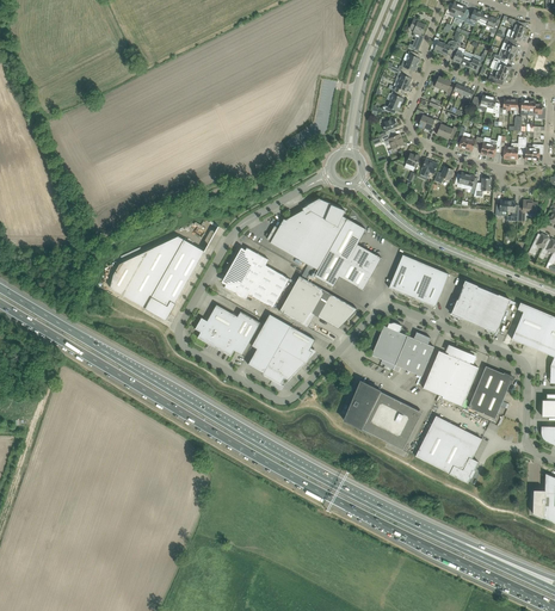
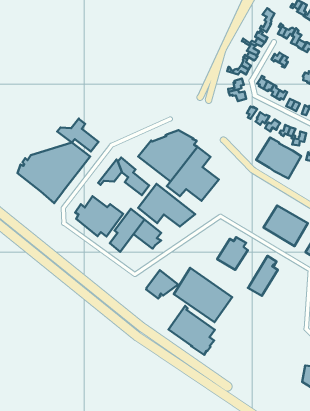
building: [389,255,449,307] -> [256,138,301,179]
building: [224,266,282,308] -> [57,118,99,151]
building: [371,322,408,365] -> none
building: [424,346,462,396] -> none
building: [264,347,306,385] -> [146,270,178,298]
building: [469,366,513,419] -> none
building: [415,421,479,483] -> [169,306,215,355]

